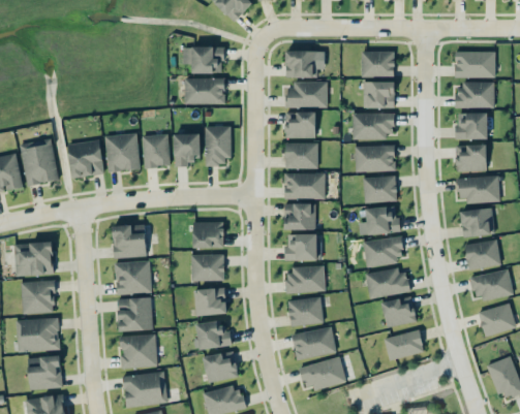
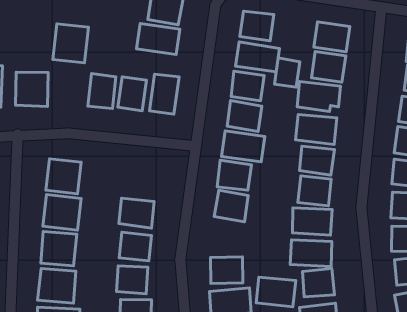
building: none -> [274,58,300,87]
building: [105,134,139,171] -> [53,24,88,63]
building: [192,222,223,248] -> none
building: [286,265,325,293] -> [256,277,296,307]

